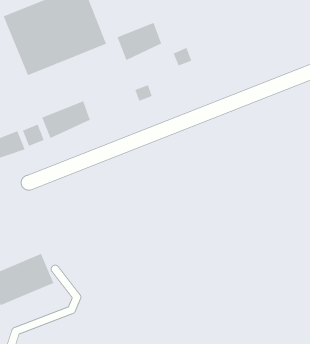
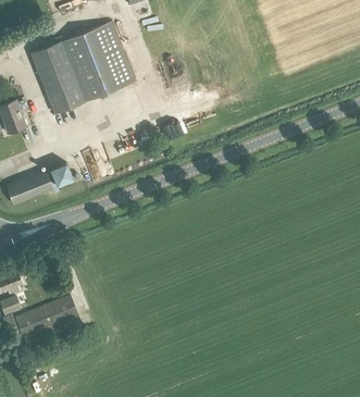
building: [117,22,162,61] -> none
building: [42,100,91,139] -> none

